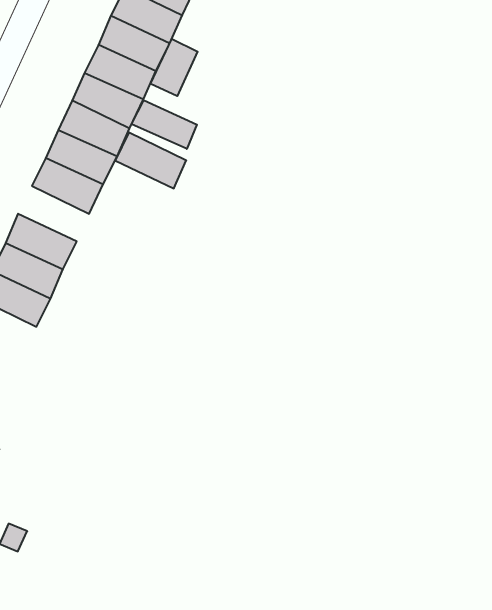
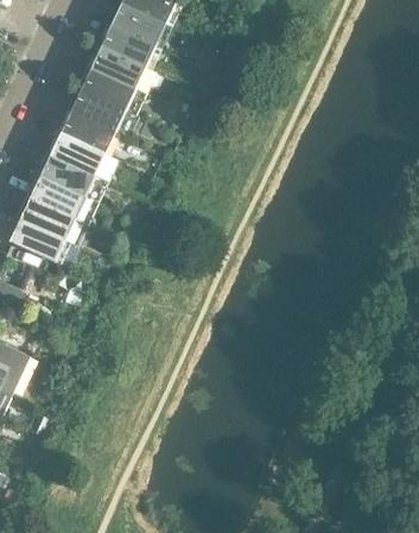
building: [151,39,198,96] -> none
building: [131,100,197,149] -> none
building: [115,133,186,188] -> [40,153,95,196]

